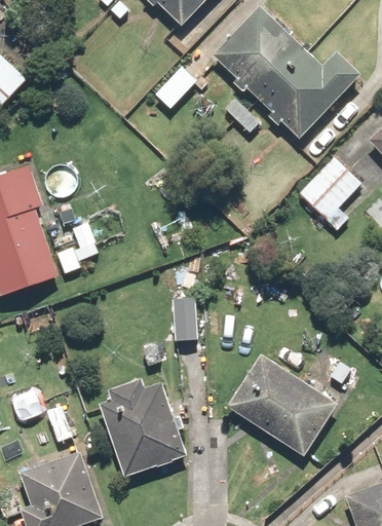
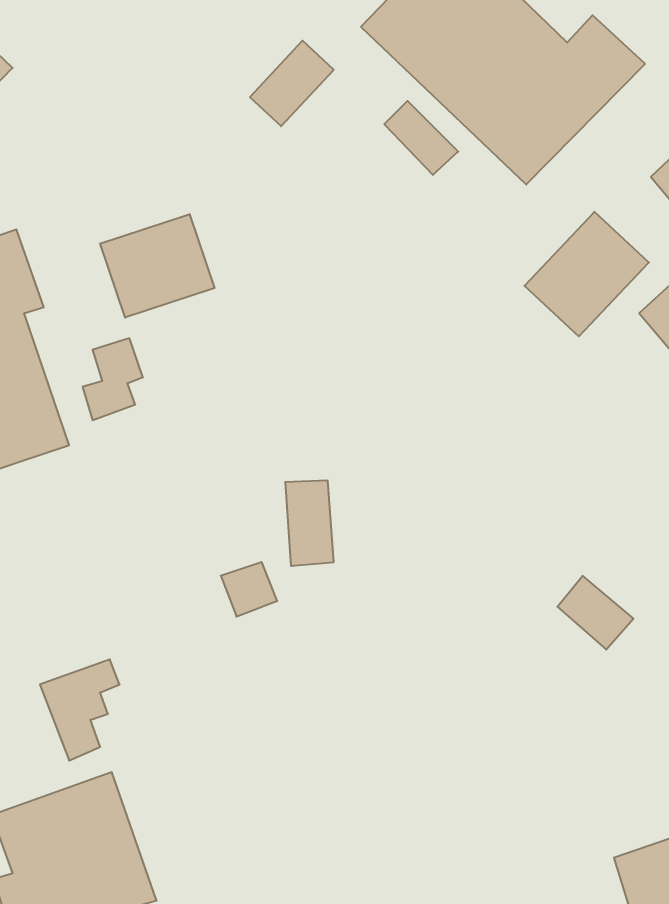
building: none -> [100,214,215,318]
building: [225,351,339,458] -> none
building: [98,377,187,478] -> none

